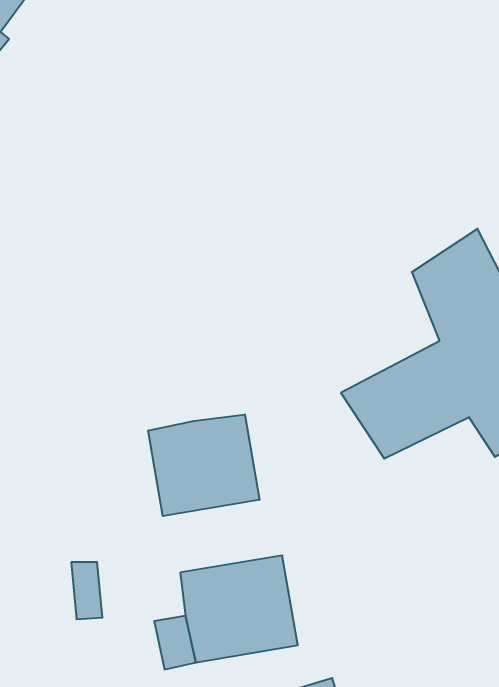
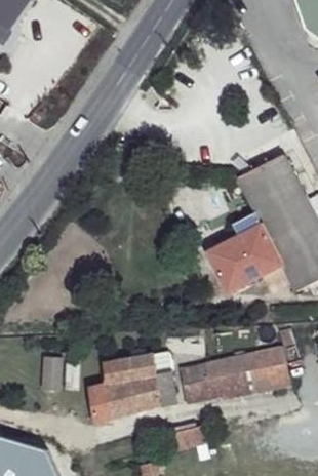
building: [148,414,259,516] -> none
building: none -> [187,349,286,402]

